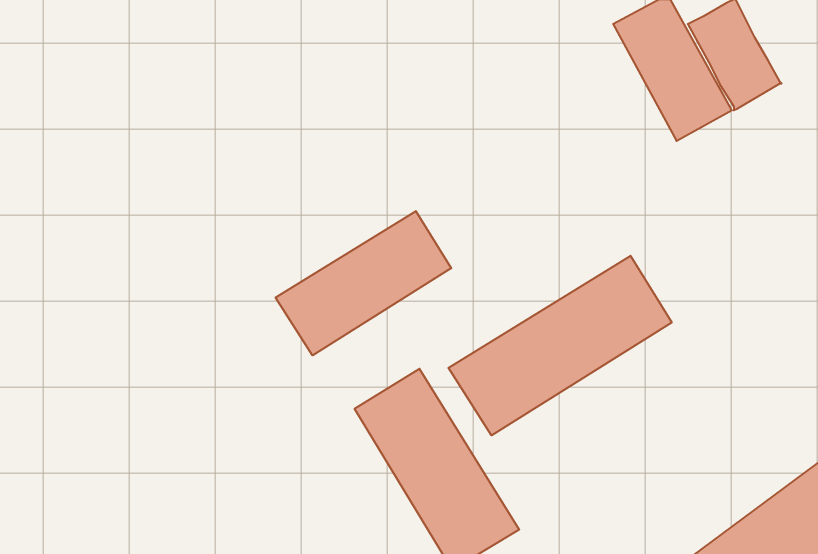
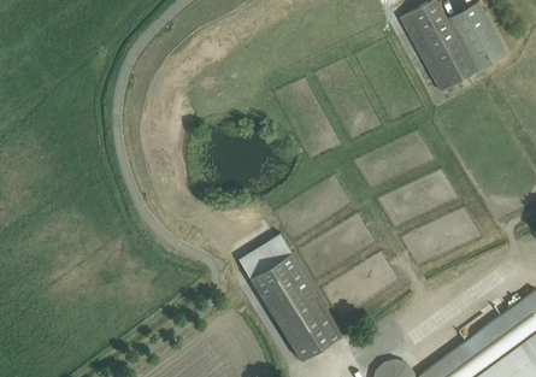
building: [276,211,451,355] -> none
building: [448,256,672,435] -> none

